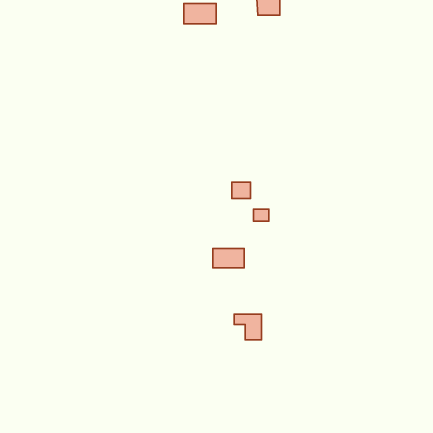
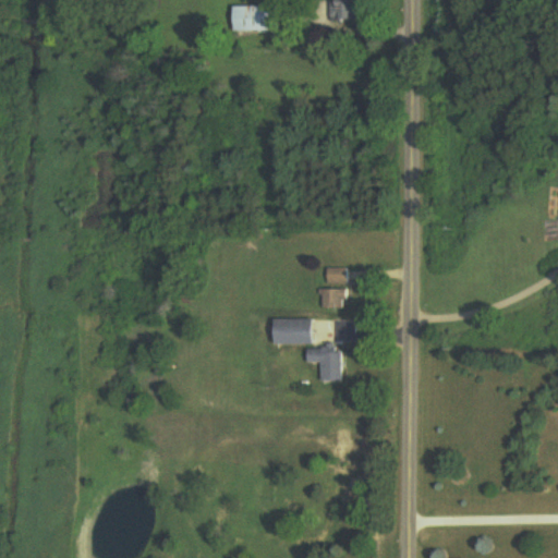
building: [232,182,250,198] -> [317,288,341,308]
building: [234,314,261,340] -> [304,348,339,380]

